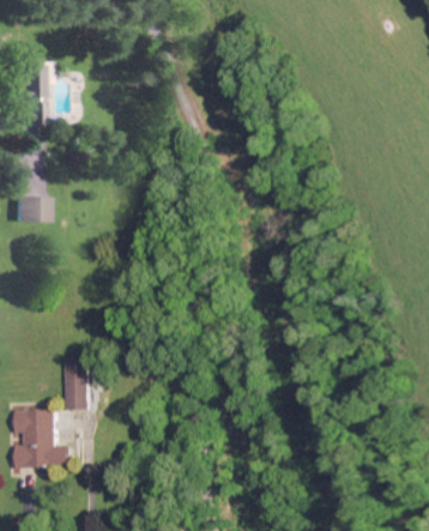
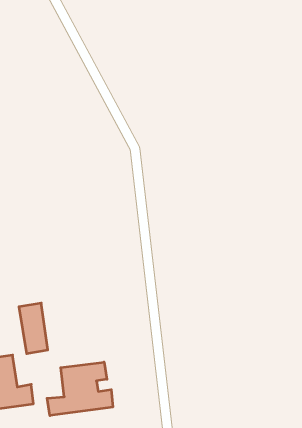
building: none -> [47,362,113,416]

